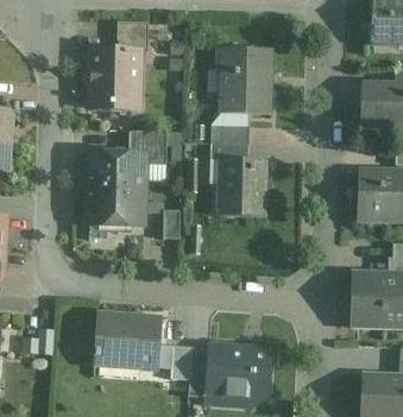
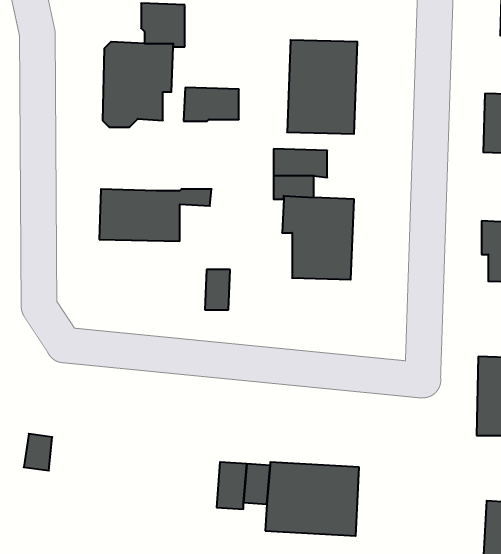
building: [127,129,166,153] -> [184,88,239,121]
building: [86,188,144,225] -> none
building: [94,312,160,367] -> none

